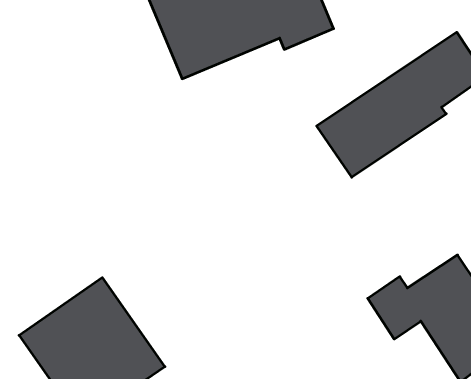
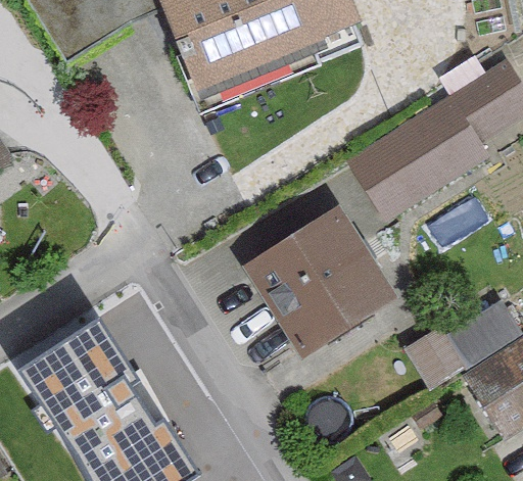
building: none -> [242,203,396,356]

